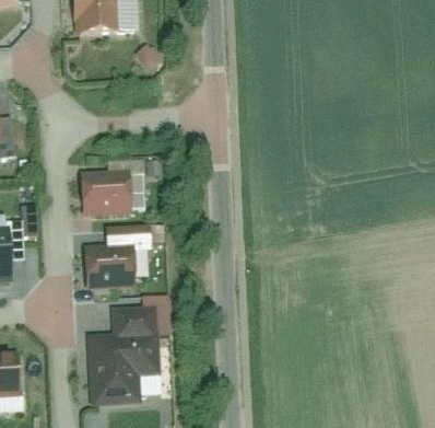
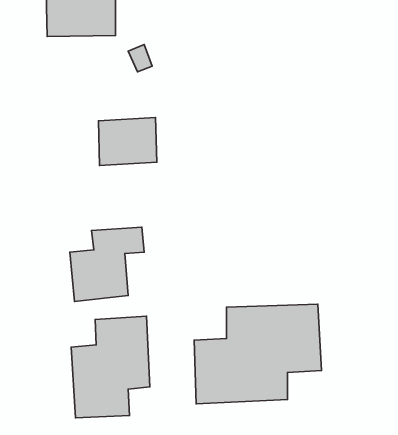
building: [91,167,146,213] -> [99,118,157,165]
building: none -> [194,304,322,404]

